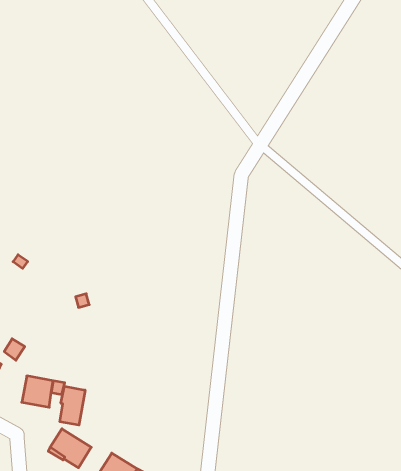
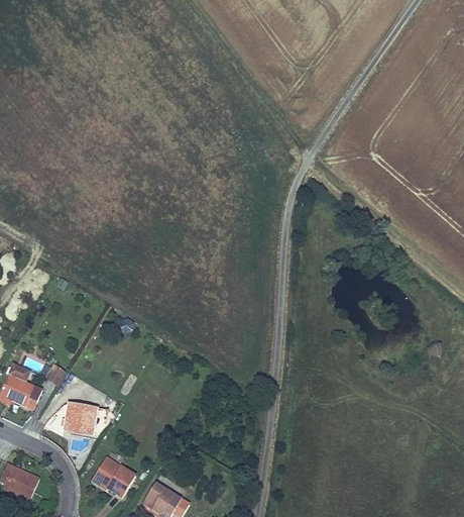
building: [60,386,85,425] -> none

